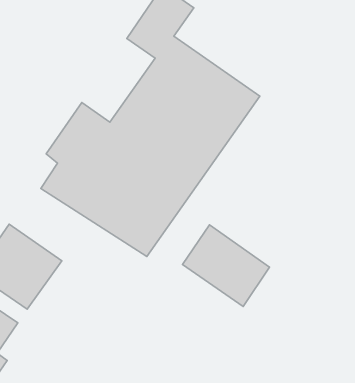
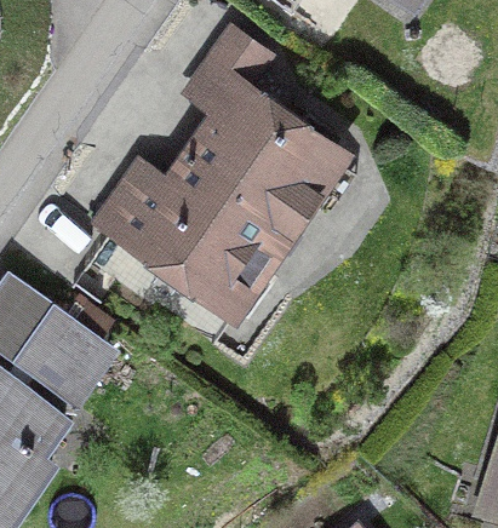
building: [182,225,269,307] -> none

